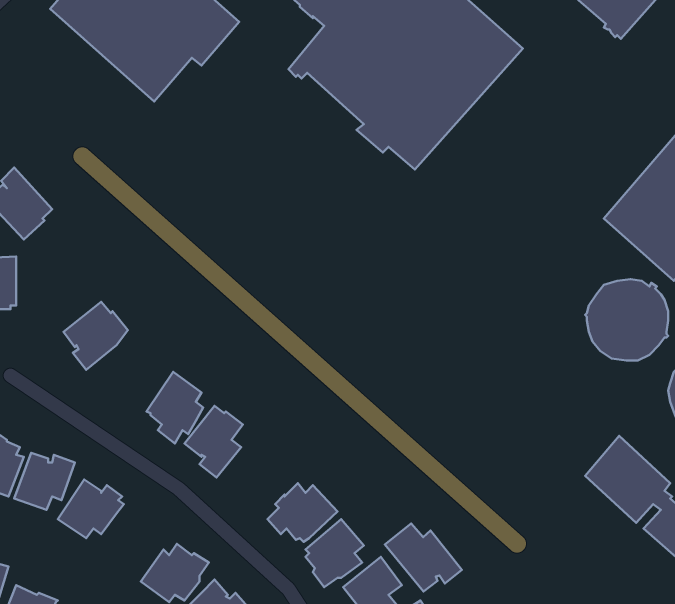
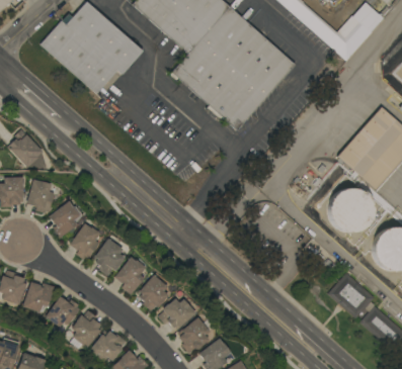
building: none -> [26,178,55,212]
building: none -> [70,222,99,259]
building: none -> [137,274,167,310]
building: none -> [72,309,103,347]
building: [385,524,462,592] -> none

